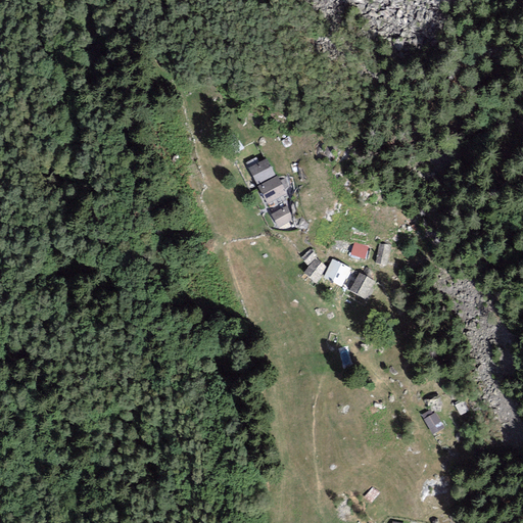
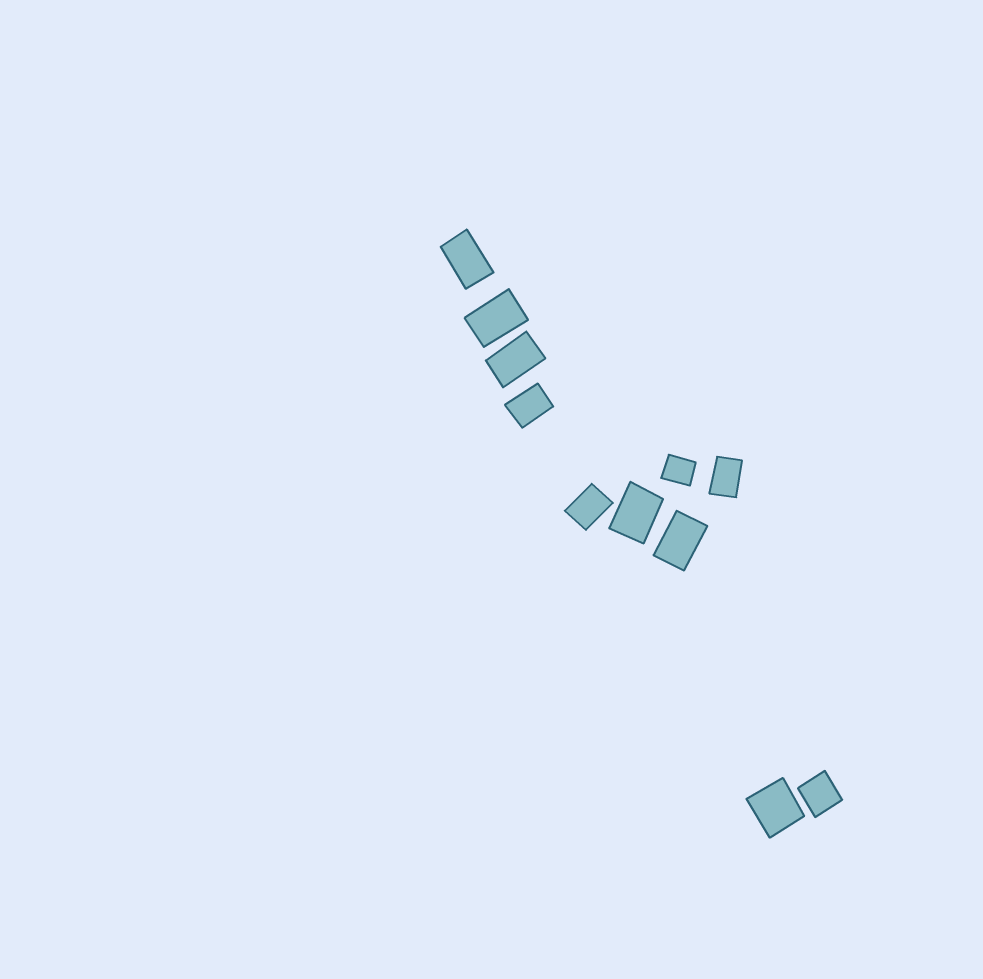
building: none -> [441,229,494,289]
building: none -> [746,778,804,838]

